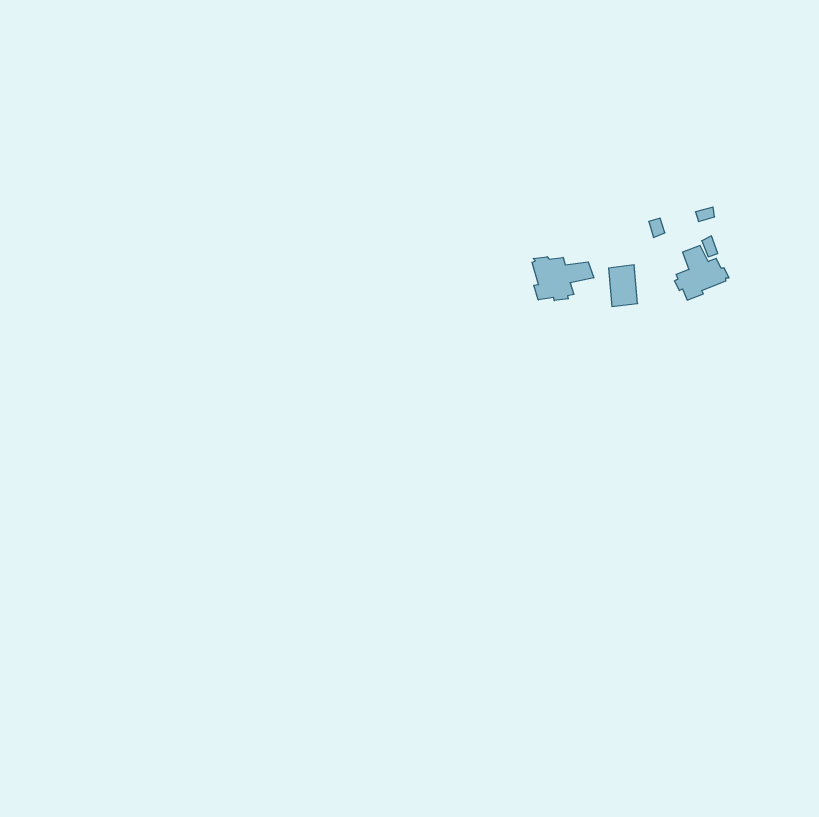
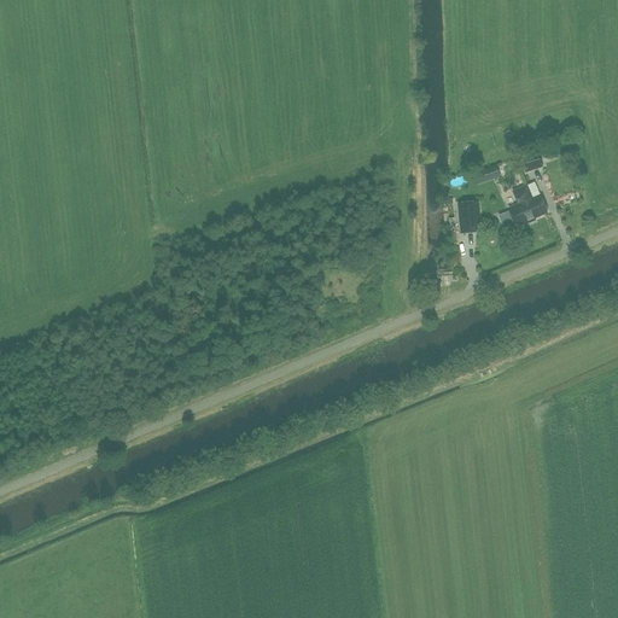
building: [532,257,594,301] -> none

